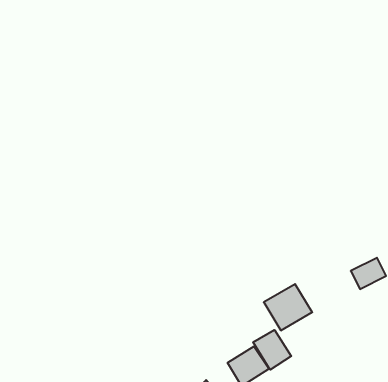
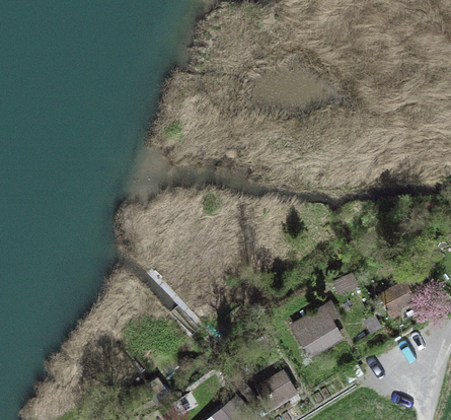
building: [253,330,291,370] -> none

